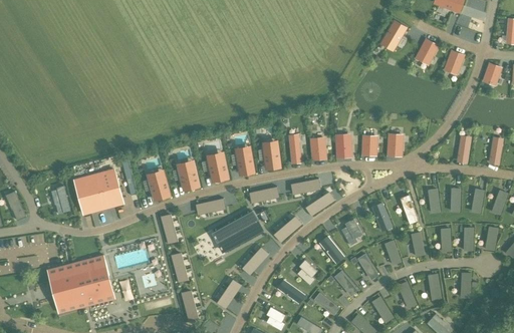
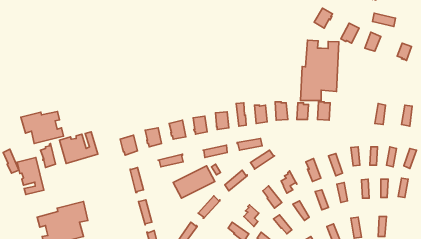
building: none -> [301,40,339,101]
building: none -> [21,111,64,143]
building: none -> [17,157,44,194]

